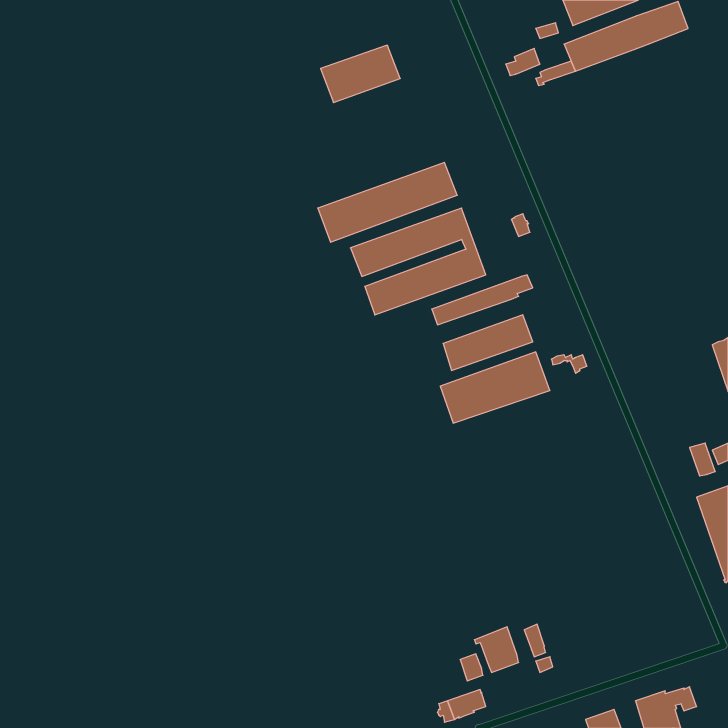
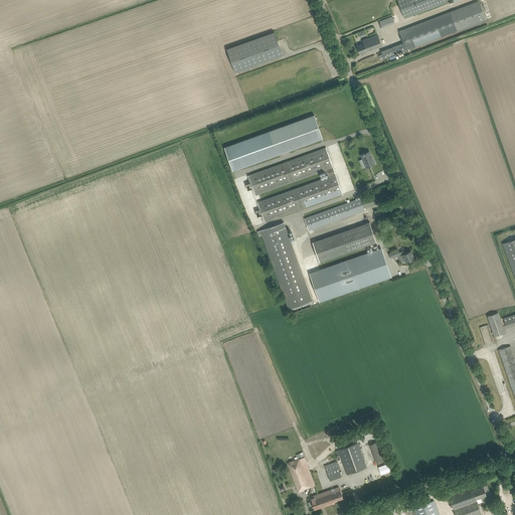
building: none -> [258,221,313,313]
building: none -> [288,457,315,493]

